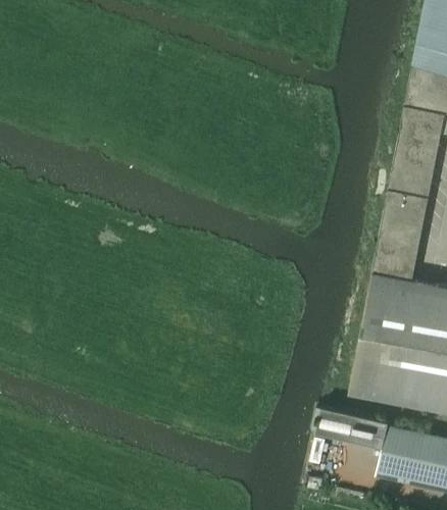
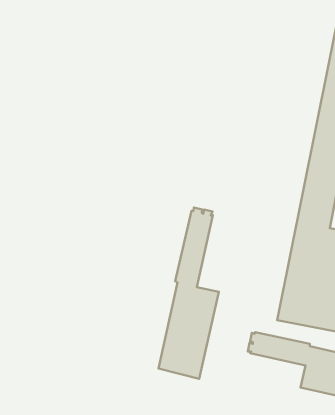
building: none -> [158,207,219,379]

